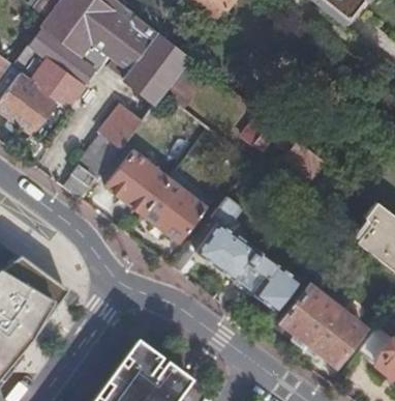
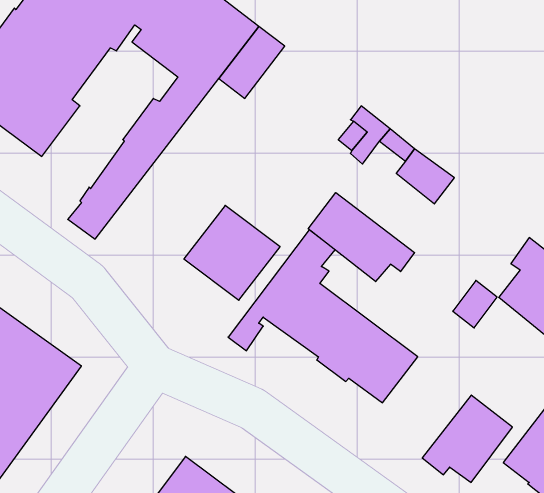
building: [104,151,169,214] -> none
building: none -> [308,193,415,282]
building: [279,285,335,349] -> none

